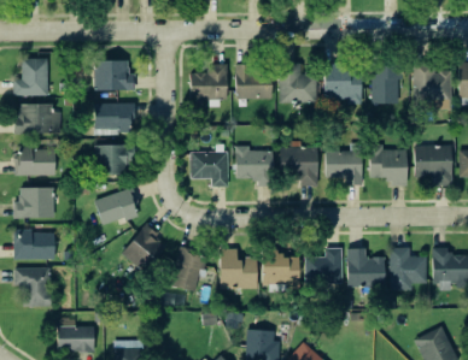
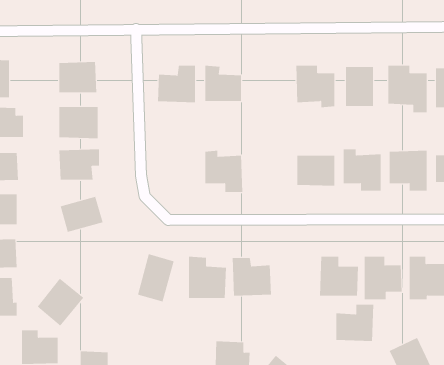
building: [279,64,317,102] -> none
building: [280,144,317,187] -> none
building: [191,152,228,188] -> none
building: [122,225,168,272] -> [37,278,84,326]
building: [305,248,343,284] -> [336,304,374,341]

